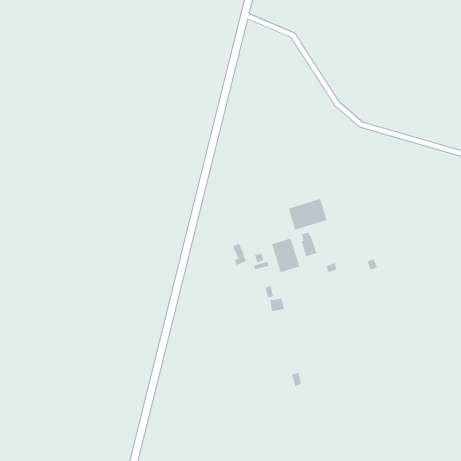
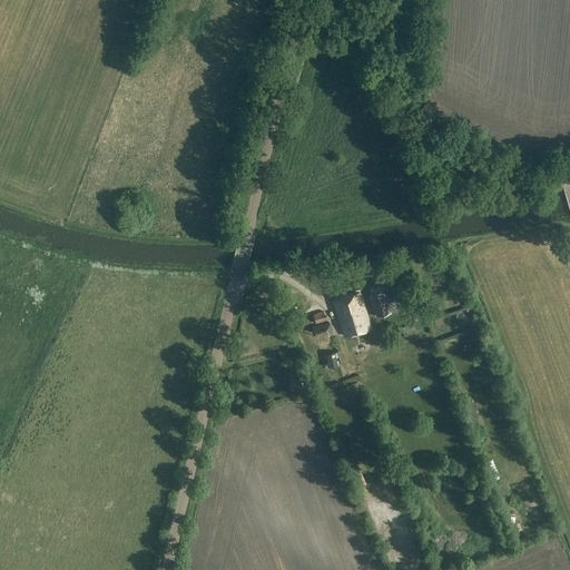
building: [288,198,327,230] -> none

